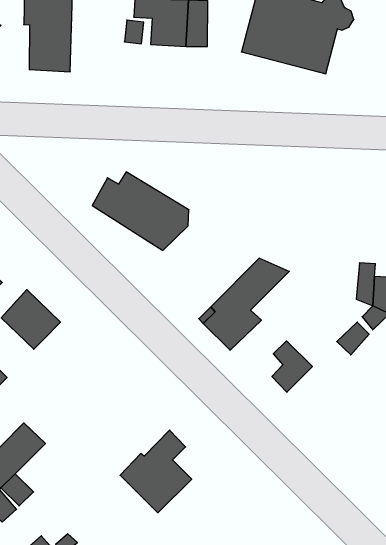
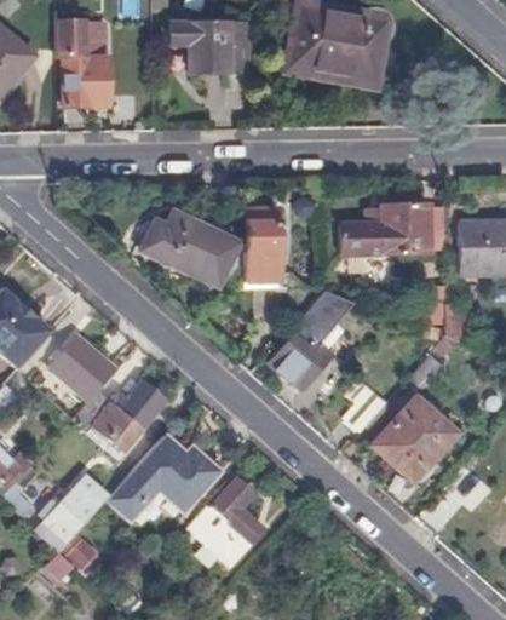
building: none -> [245,208,280,283]
building: none -> [340,205,430,254]
building: none -> [80,379,167,449]
building: none -> [372,395,458,482]
building: none -> [108,436,217,518]

